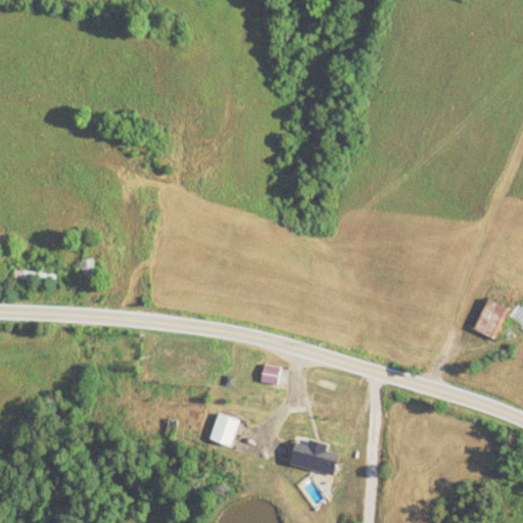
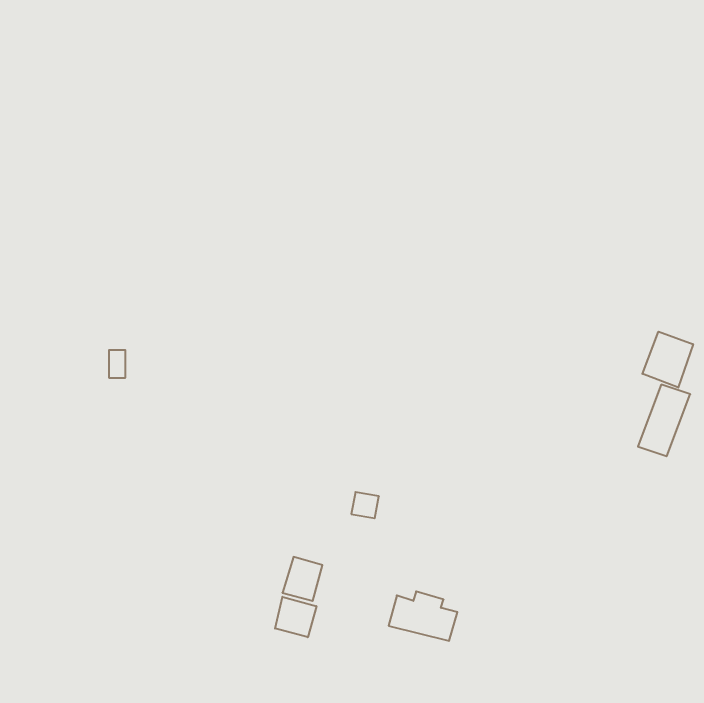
building: none -> [642,332,693,388]
building: none -> [275,597,316,637]

